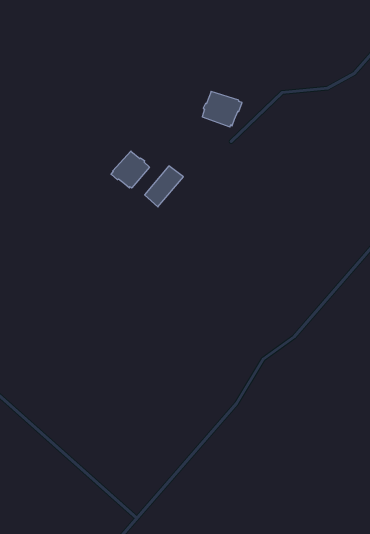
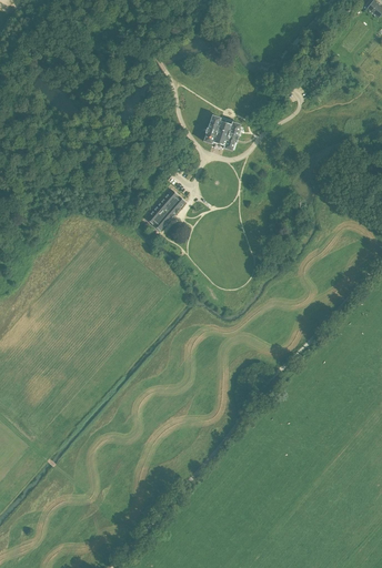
building: [111,151,149,188] -> none

